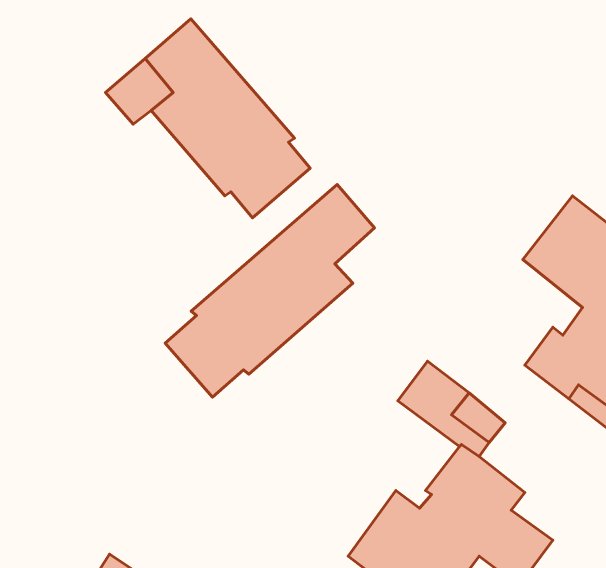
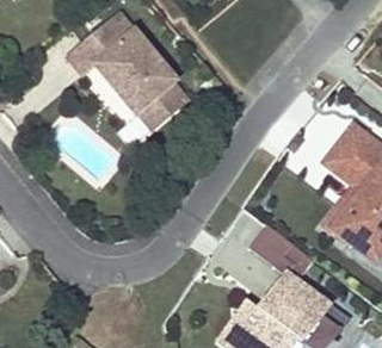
building: [165,185,375,397] -> none

